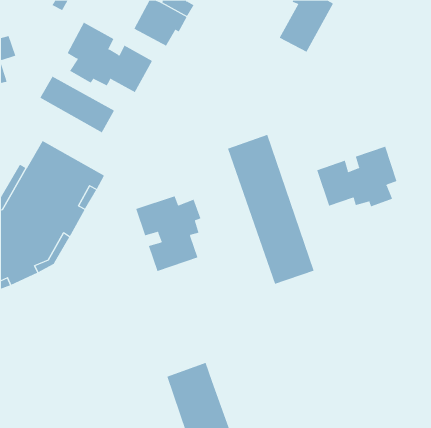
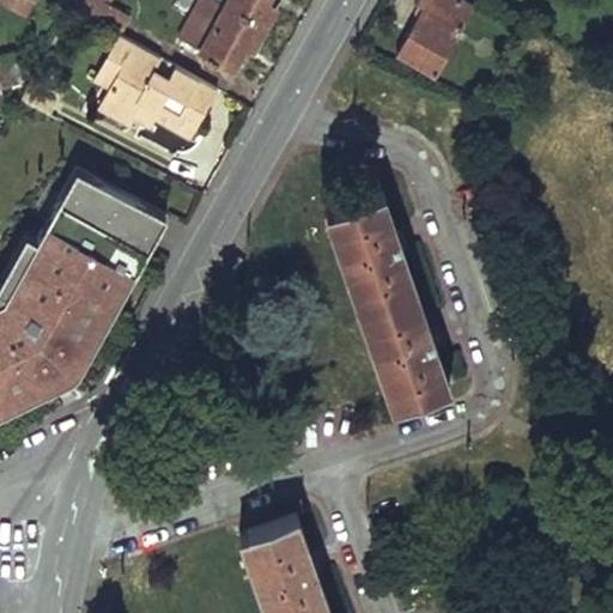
building: [40,76,115,133] -> [61,172,168,254]
building: [316,146,397,207] -> none
building: [135,196,201,272] -> none

